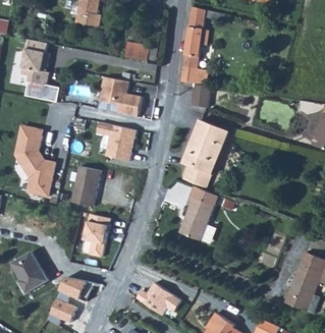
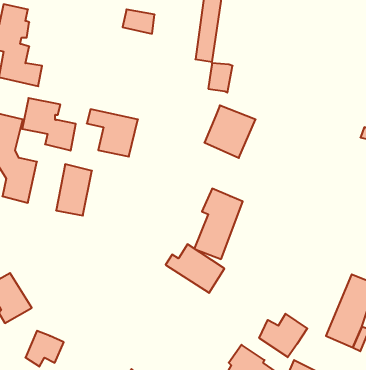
building: [98,76,141,118] -> [22,98,76,151]
building: [182,148,215,186] -> none
building: [84,214,110,256] -> none
building: [54,277,95,301] -> none
building: [134,281,181,320] -> [166,244,224,293]
building: none -> [259,314,307,357]

